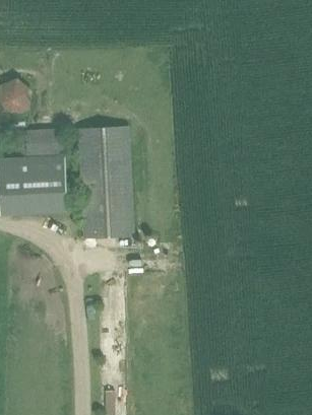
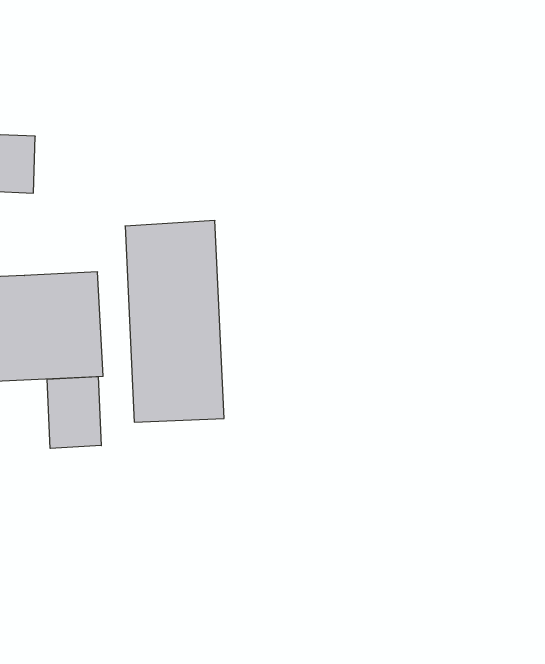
building: [21,129,63,156] -> none
building: none -> [47,377,101,448]

